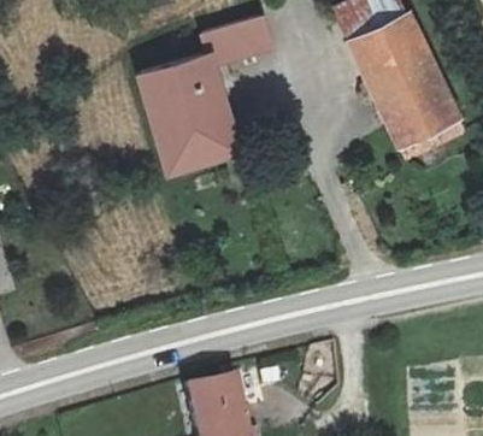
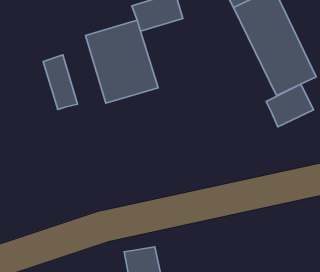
building: none -> [43,55,78,109]
building: none -> [266,84,314,127]

